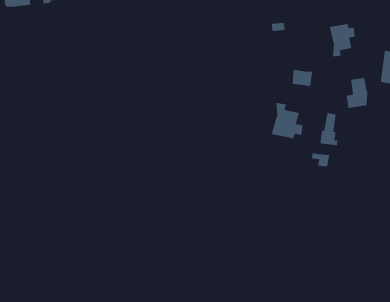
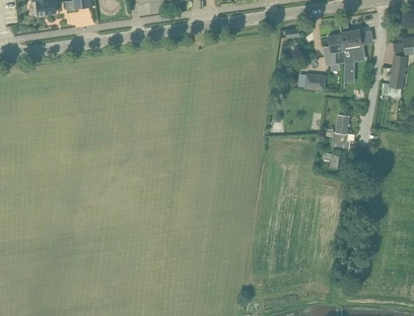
building: [346,77,368,109] -> [324,35,345,65]
building: [271,102,303,139] -> none

